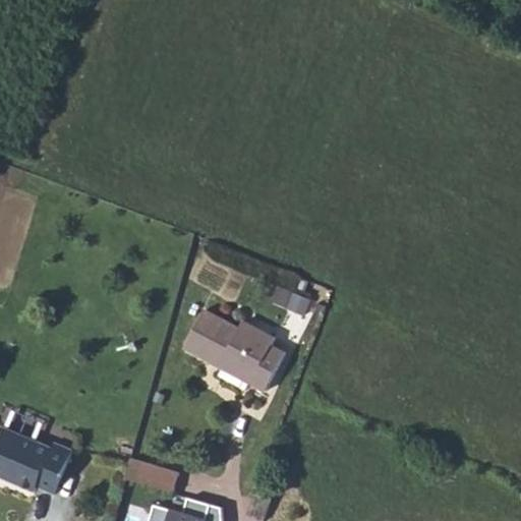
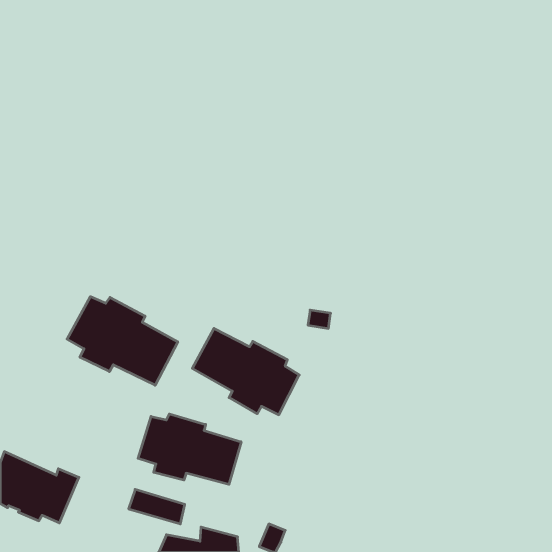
building: none -> [67,297,178,385]
building: none -> [138,414,241,484]

